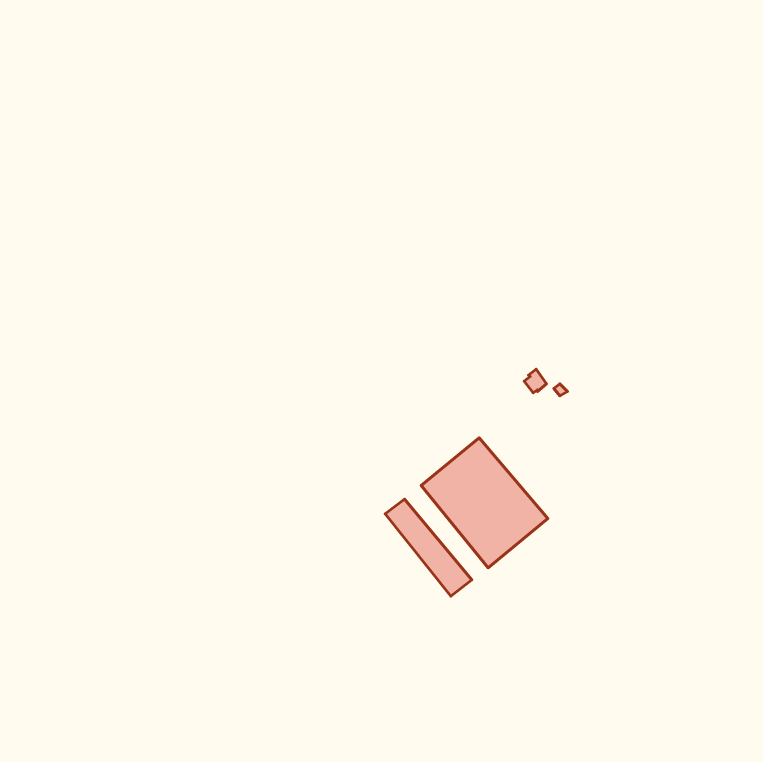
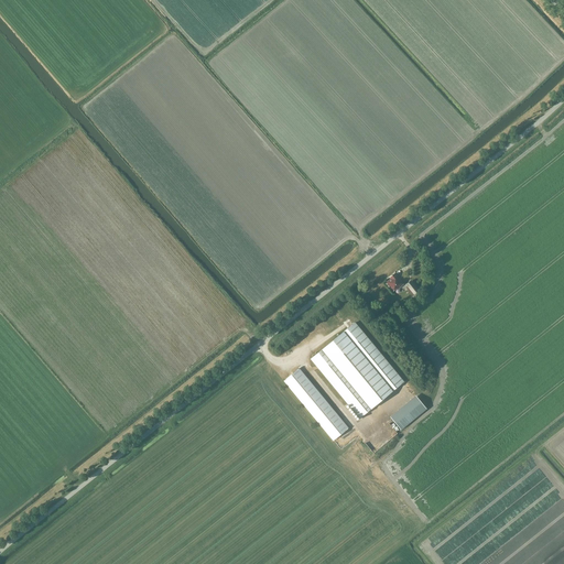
building: none -> [391,395,426,429]

